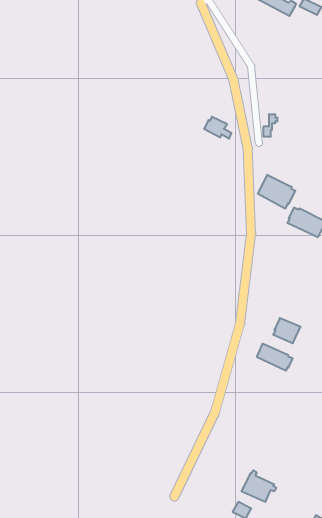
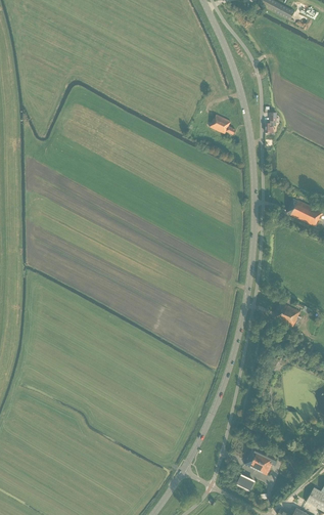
building: [258,175,295,209] -> none
building: [257,344,292,371] -> none

